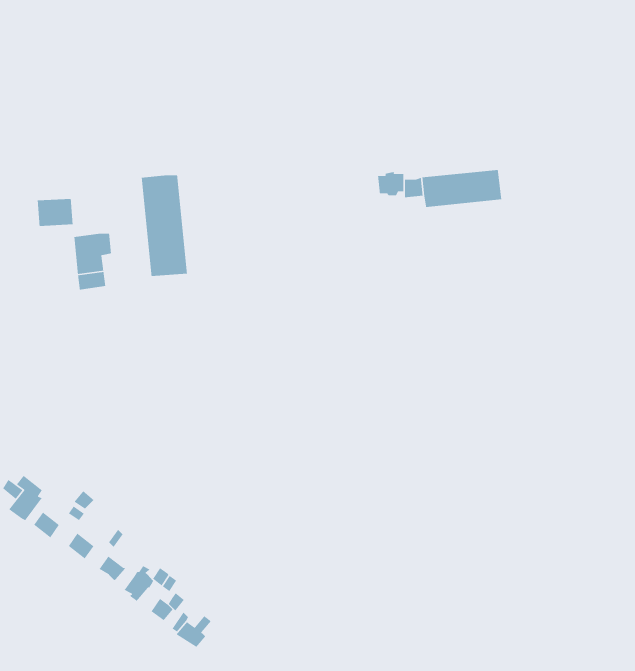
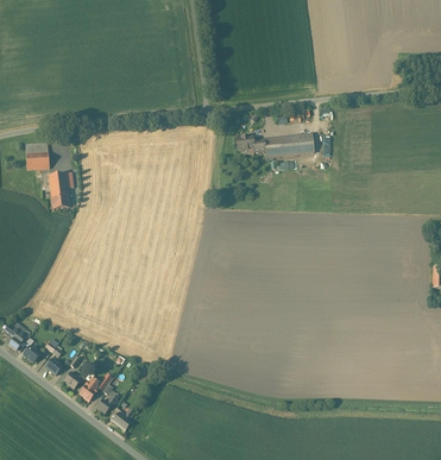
building: [141,175,188,277] -> none

